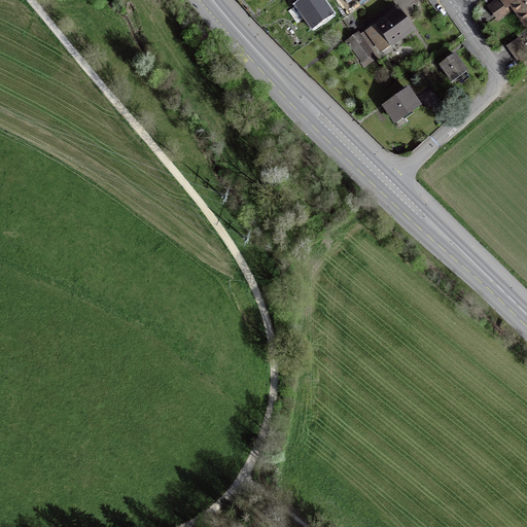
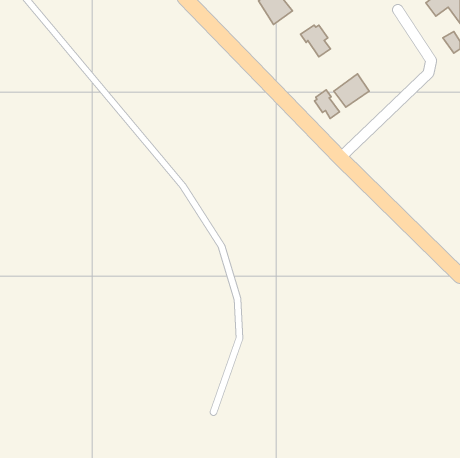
building: [364,5,415,52] -> none
building: [438,50,468,80] -> none
building: none -> [315,90,339,118]

